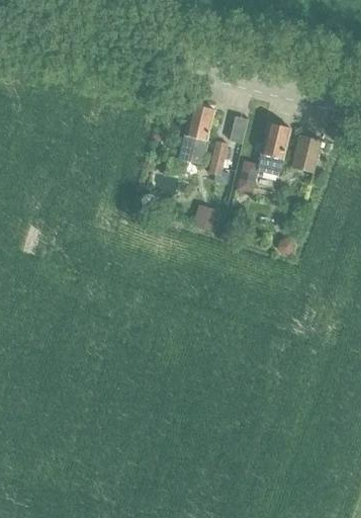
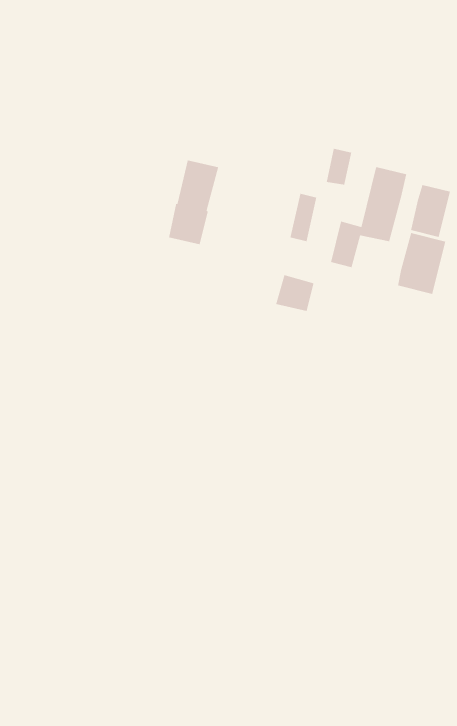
building: [178,105,213,165] -> [168,159,219,245]
building: none -> [397,232,446,295]

